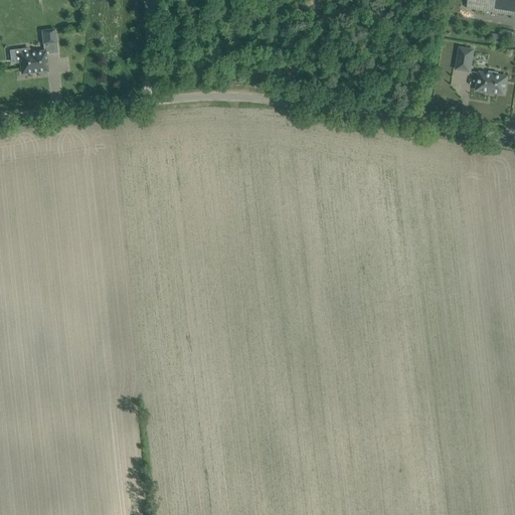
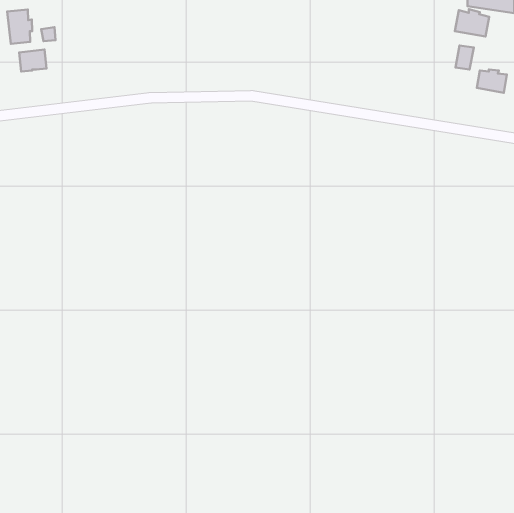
building: none -> [455,9,489,36]
building: none -> [7,9,32,44]

